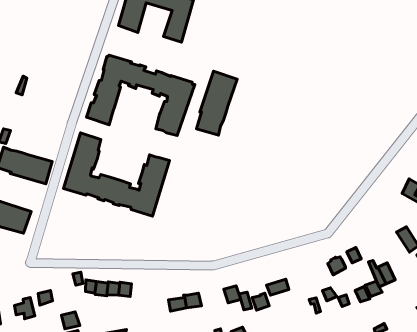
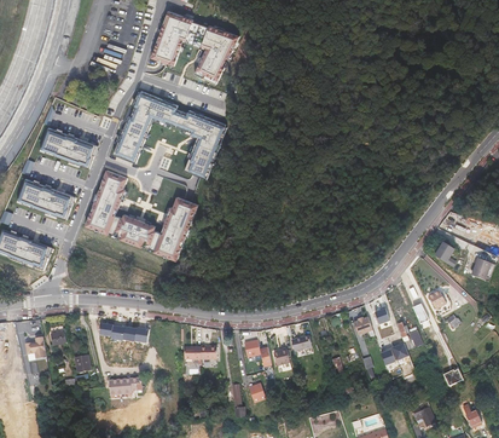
building: [197,71,237,135] -> none
building: none -> [41,127,98,167]

